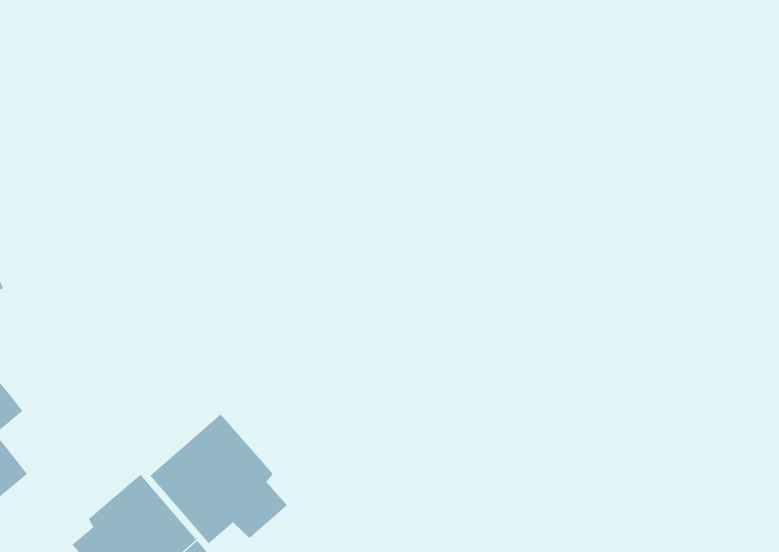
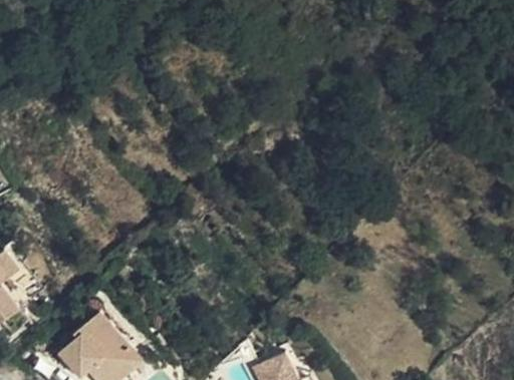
building: [150,414,288,544] -> none

